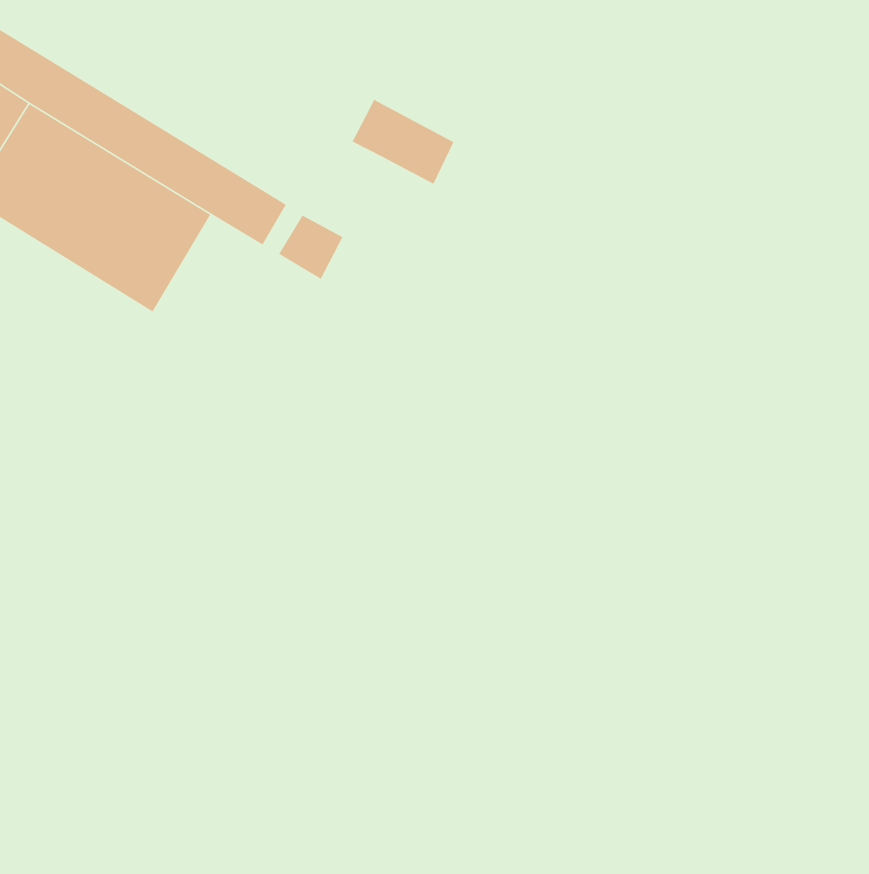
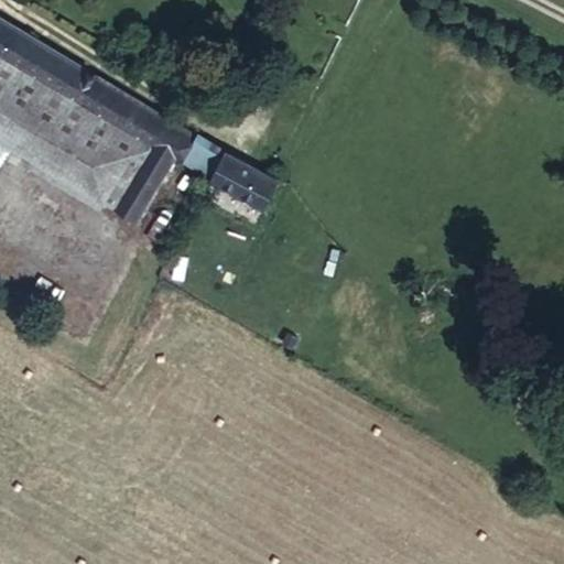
building: [351,99,454,185] -> [206,154,272,209]
building: none -> [98,140,169,221]

